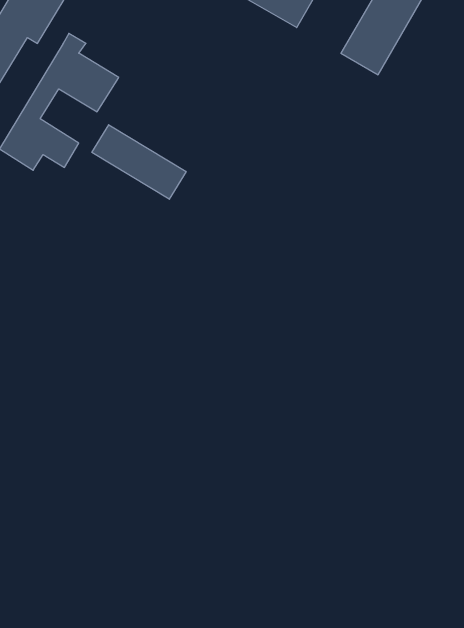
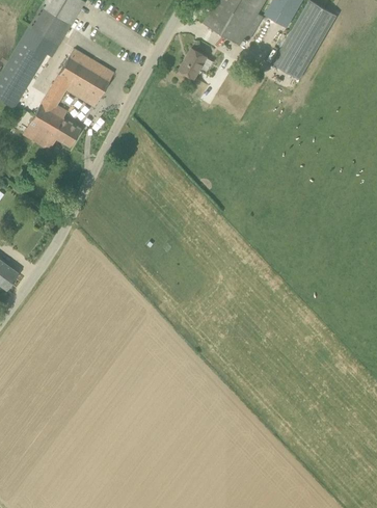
building: none -> [181,48,208,78]
building: [92,125,186,199] -> none

